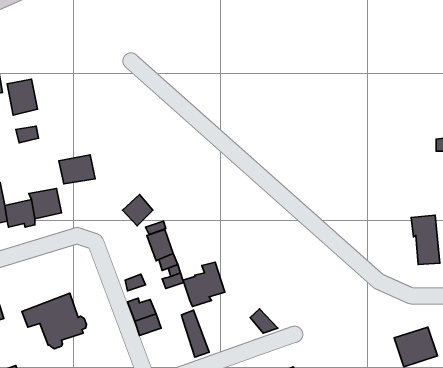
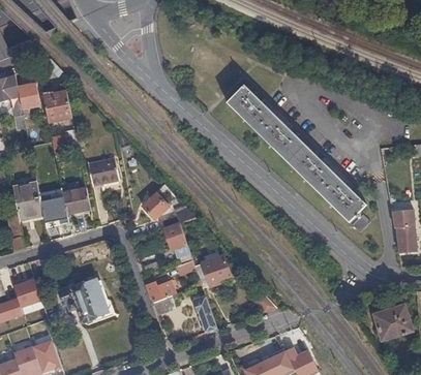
building: none -> [227,86,369,233]

